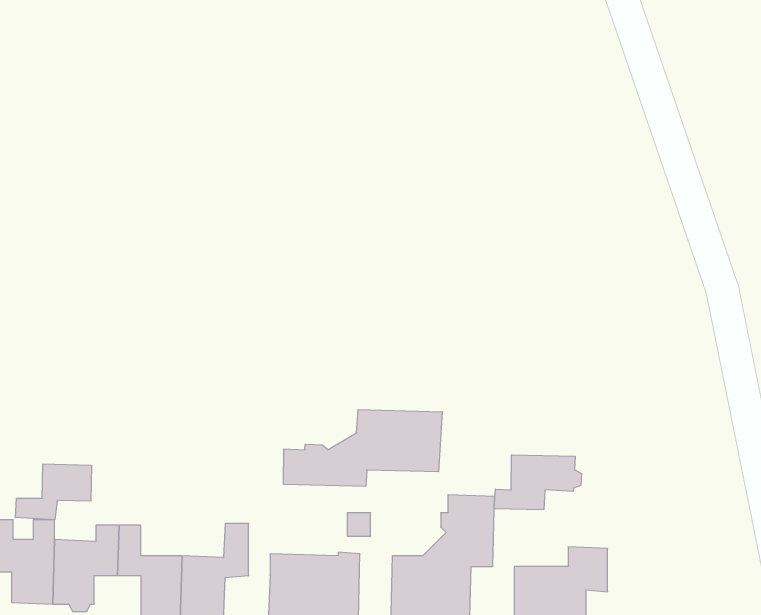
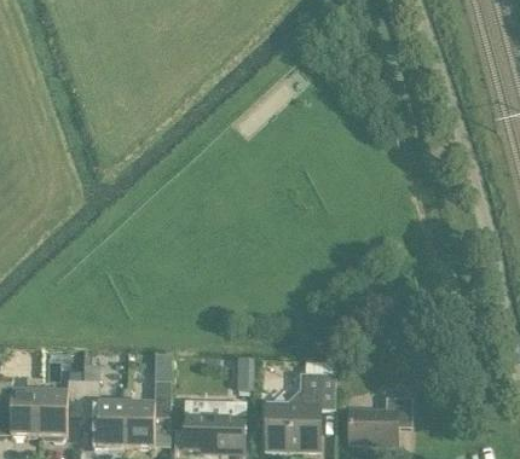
building: [284,410,442,486] -> none
building: [494,455,581,510] -> none
building: [15,464,91,520] -> none

